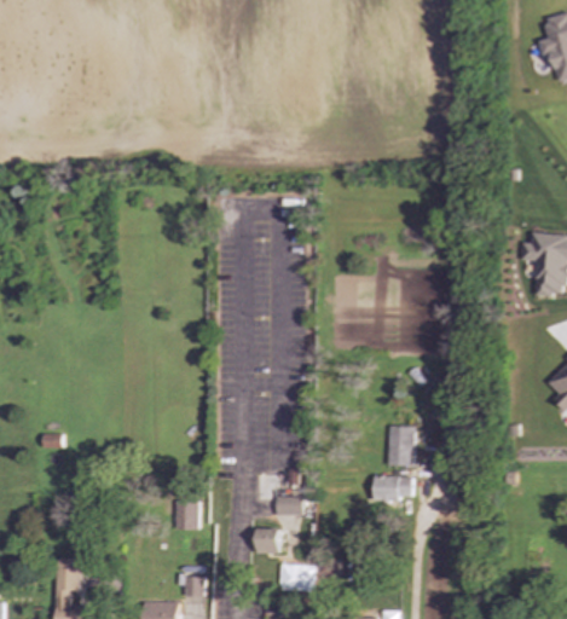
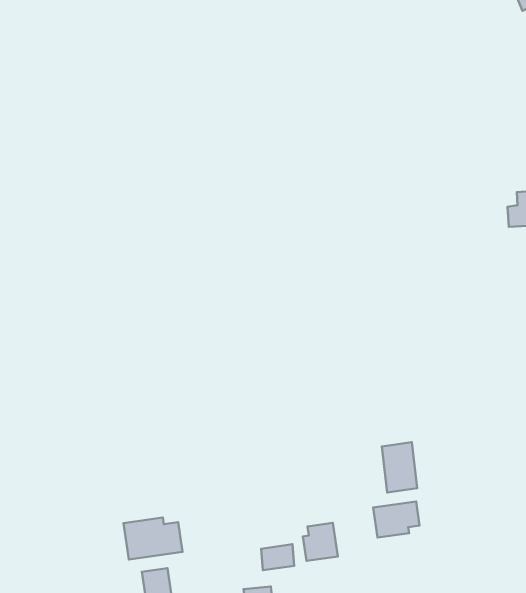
building: none -> [124,517,183,560]
building: none -> [303,523,338,561]

